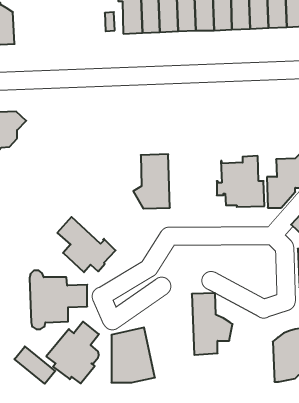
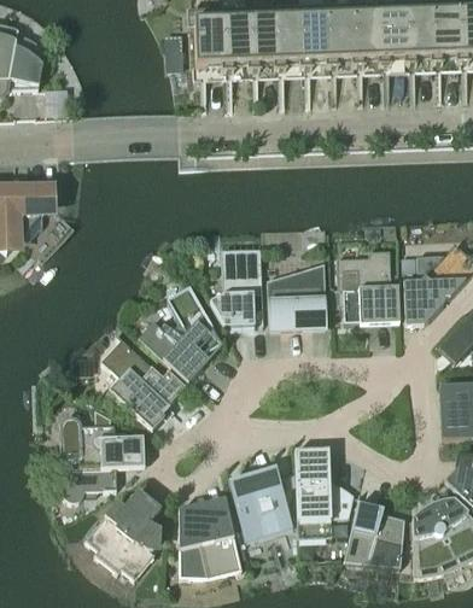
building: none -> [267,263,327,331]
building: none -> [139,285,222,382]
building: none -> [228,467,293,538]
building: none -> [343,493,404,567]
building: [14,346,55,384] -> none

